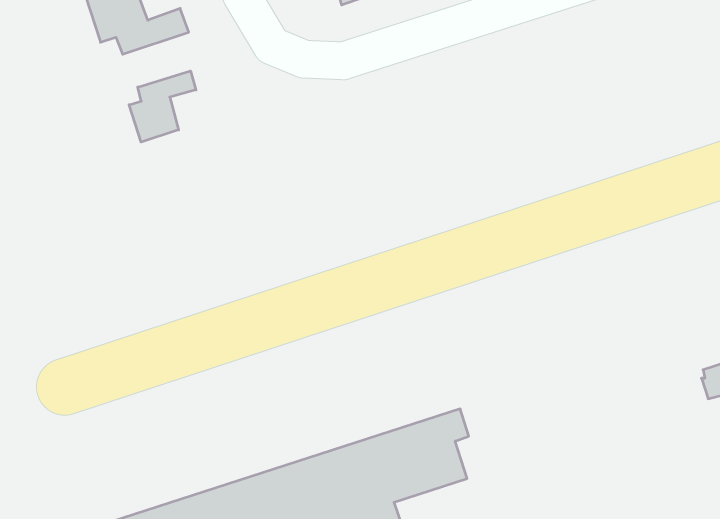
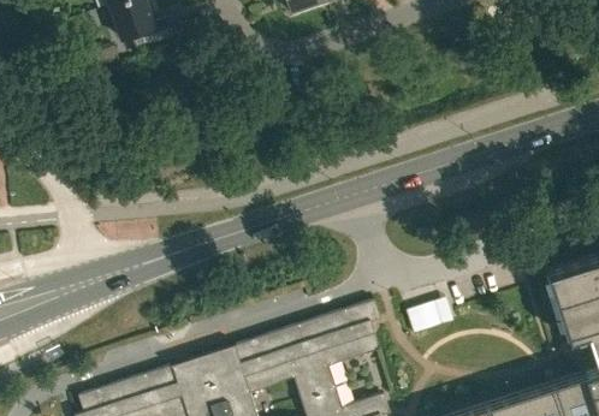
building: [129,71,196,142] -> none

